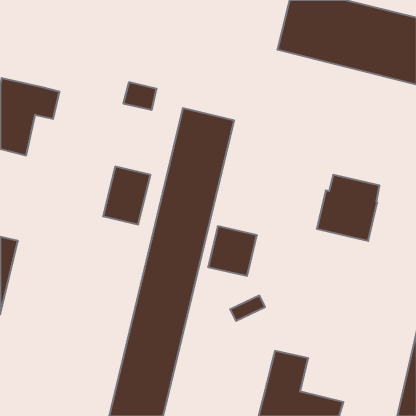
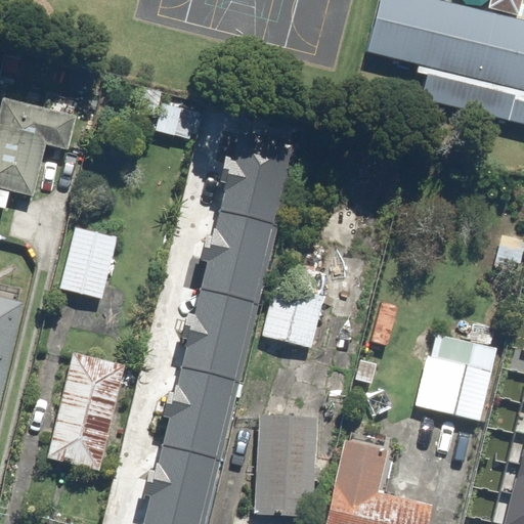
building: [103,167,150,224] -> [57,226,117,299]
building: [317,175,380,241] -> [417,337,495,420]
building: none -> [48,353,125,471]
building: none -> [255,414,318,516]

